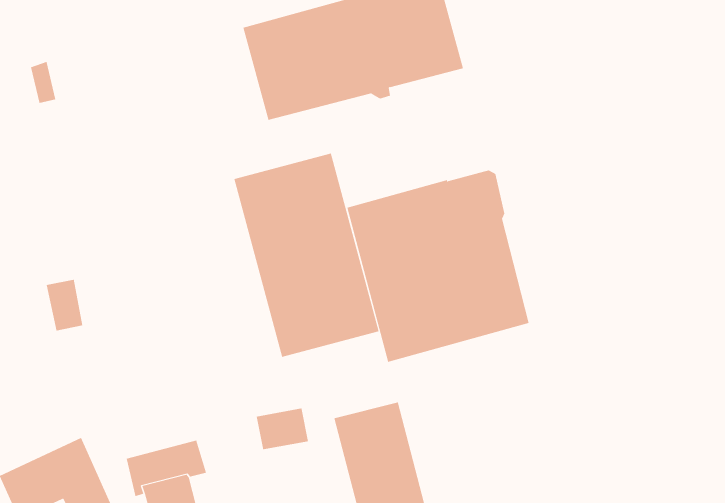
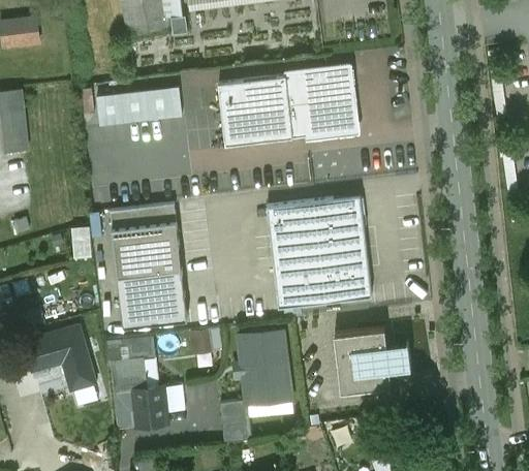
building: none -> [97,88,181,125]
building: [234,153,379,357] -> [110,203,187,327]
building: none -> [334,328,404,392]

